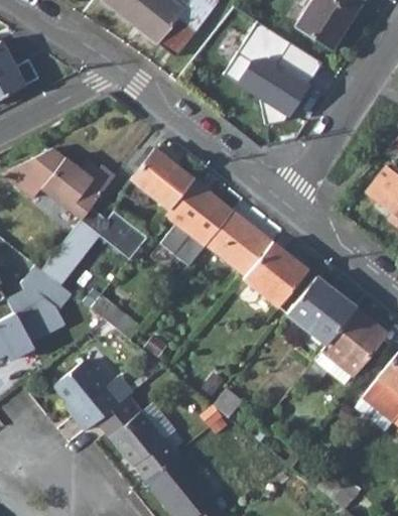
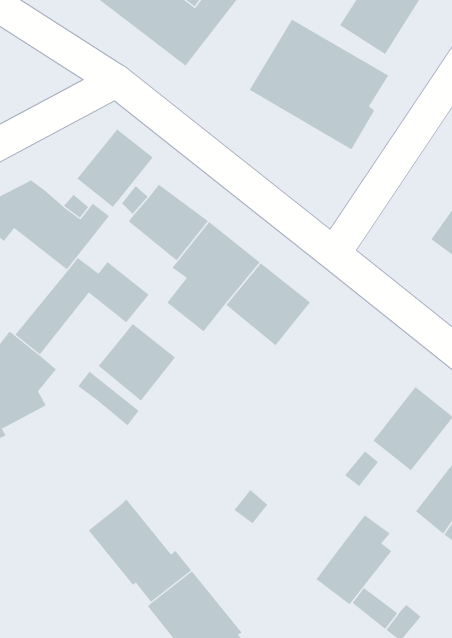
building: none -> [77,128,154,208]
building: [243,243,307,307] -> none
building: none -> [98,323,176,401]
building: [286,277,355,346] -> none
building: [54,360,124,430] -> none
building: none -> [315,515,392,605]

